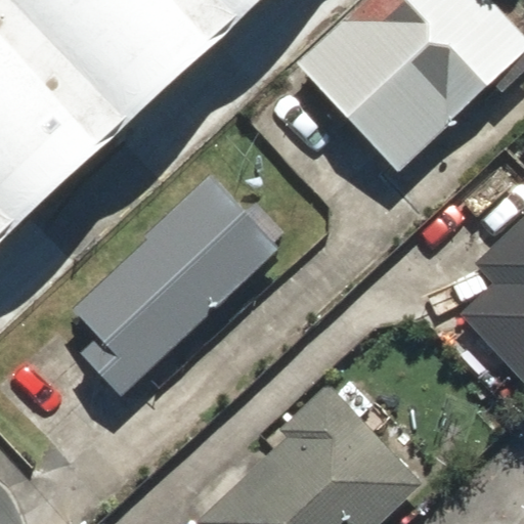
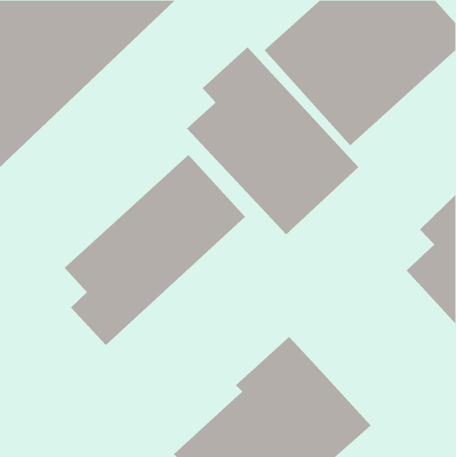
building: none -> [186,46,359,235]

